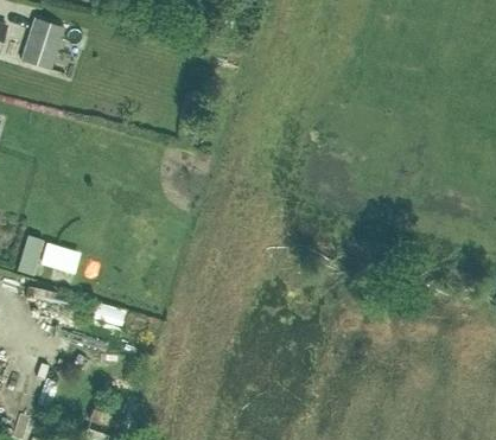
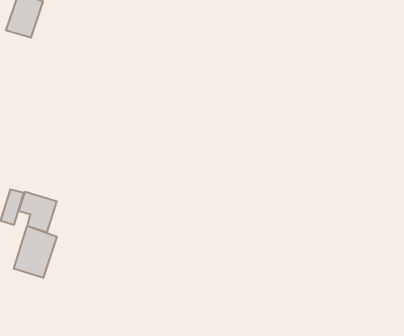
building: none -> [14,226,57,278]

